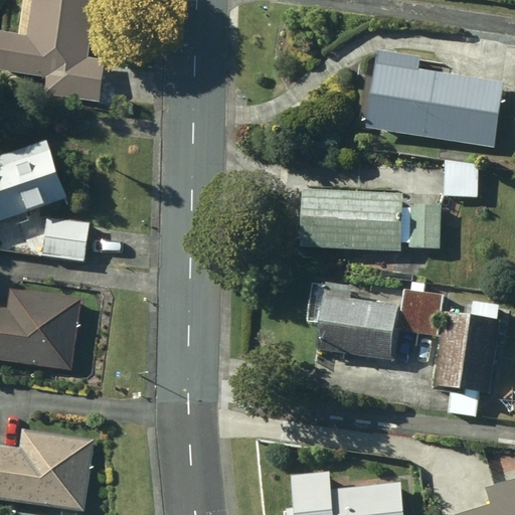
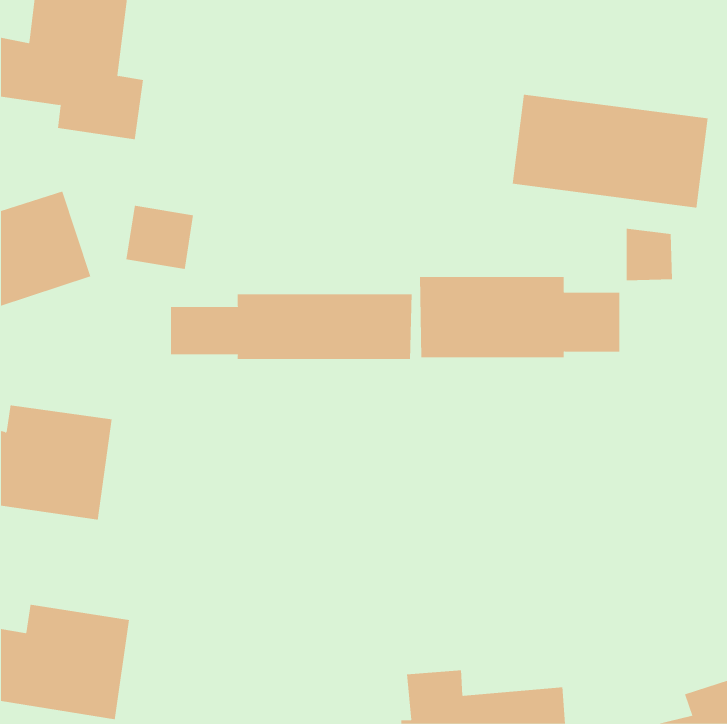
building: none -> [170,293,412,360]
building: [39,212,88,258] -> [125,205,194,269]
building: [312,286,500,417] -> none

